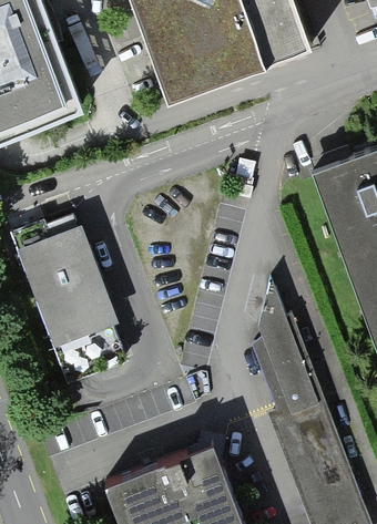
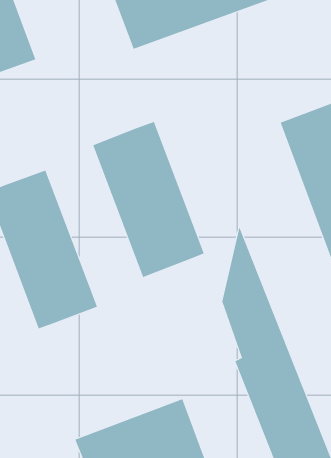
building: none -> [92,121,204,278]

